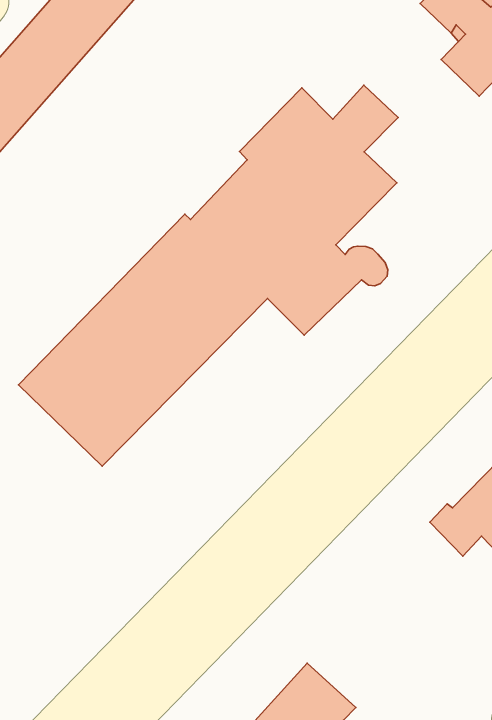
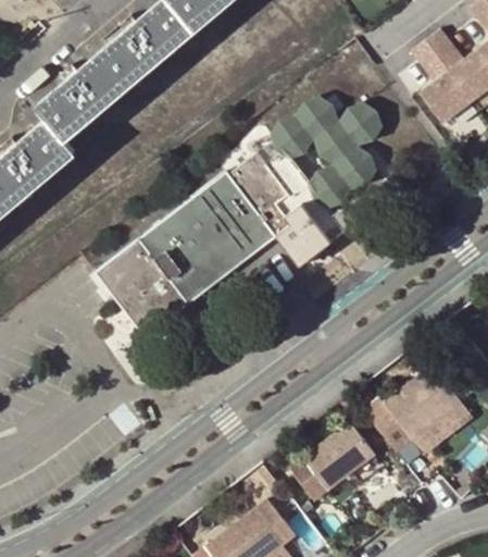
building: none -> [291,424,375,504]

